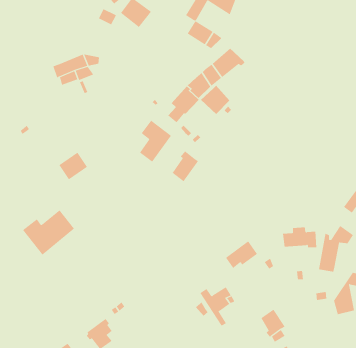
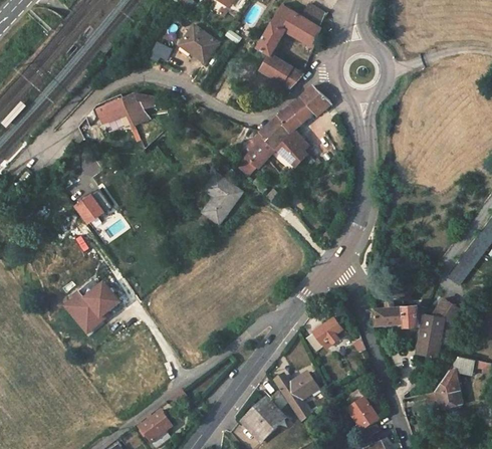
building: [172,151,199,182] -> none
building: [59,152,88,180] -> [74,189,109,223]
building: none -> [243,401,284,441]

